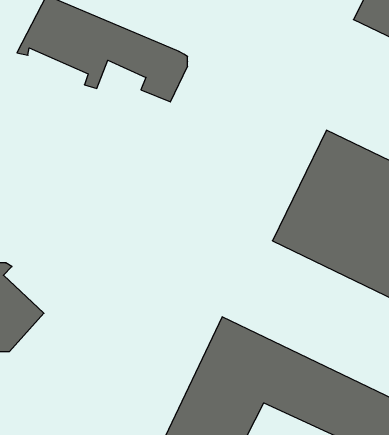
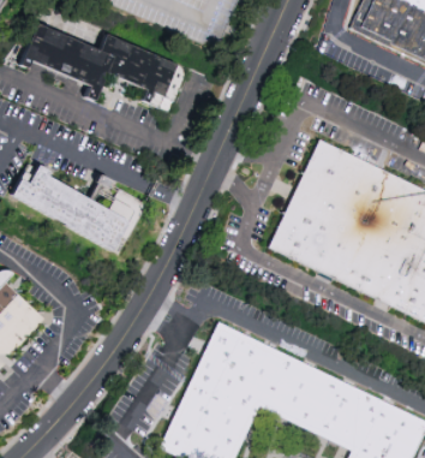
building: none -> [7,162,145,251]

